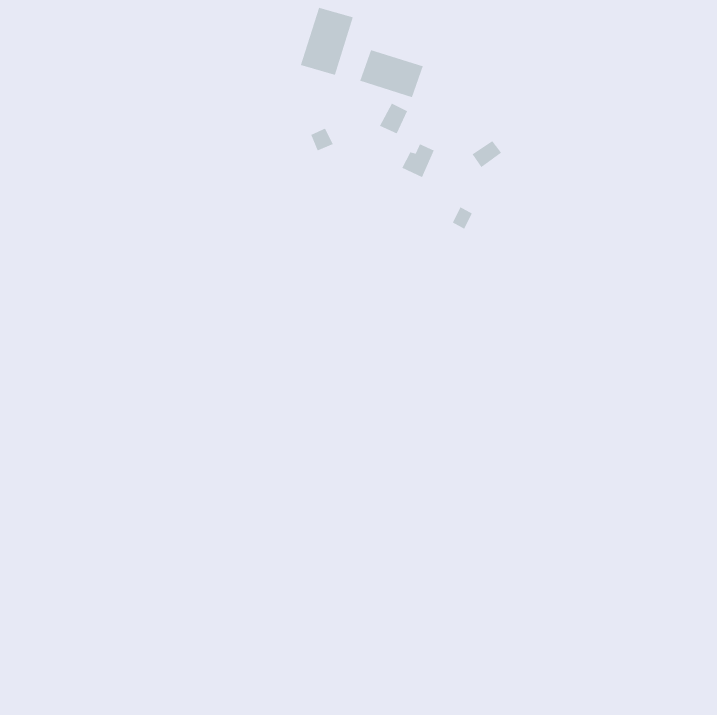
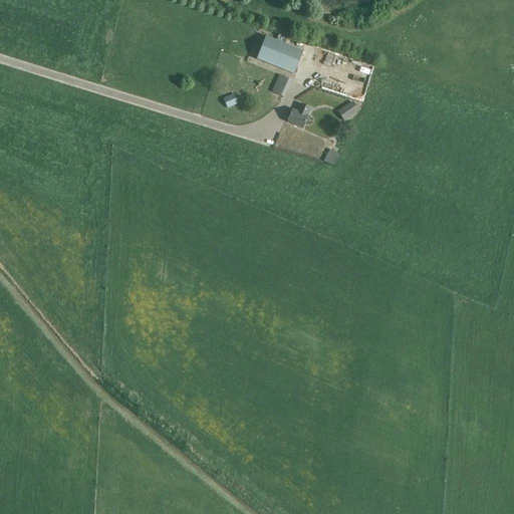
building: [300,7,354,76] -> none

